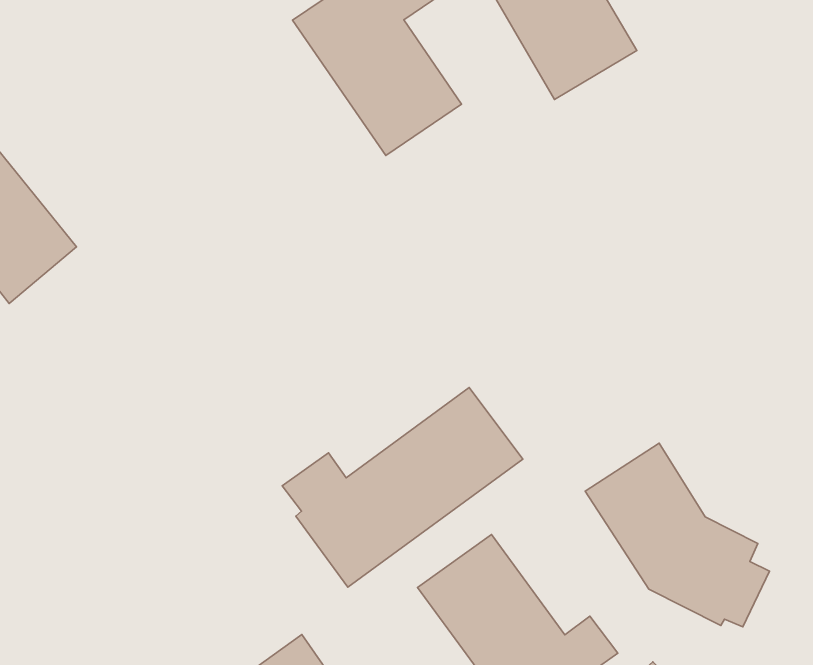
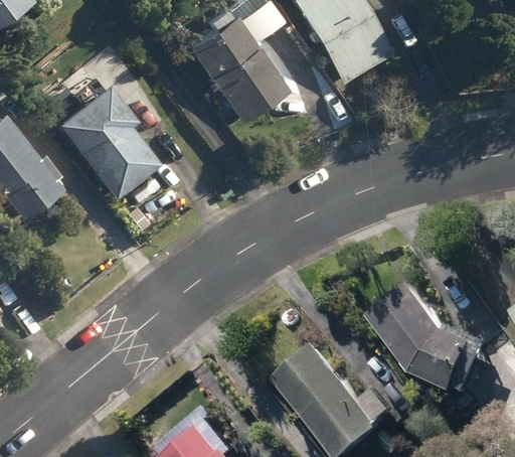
building: none -> [46,80,156,199]
building: [282,388,523,587] -> none

